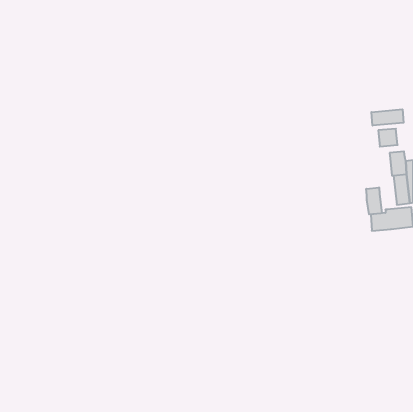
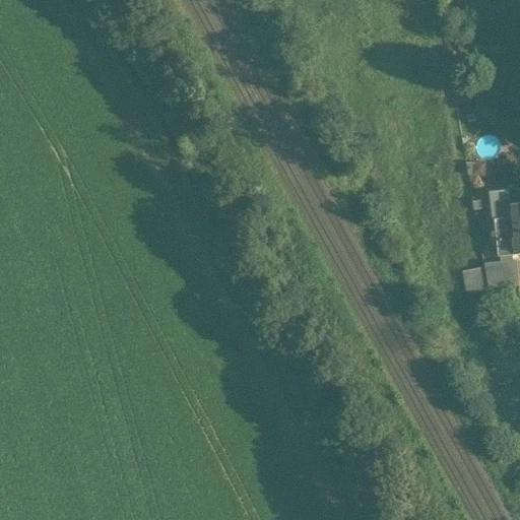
building: [371,109,404,126] -> none
building: [366,187,382,214] -> none

